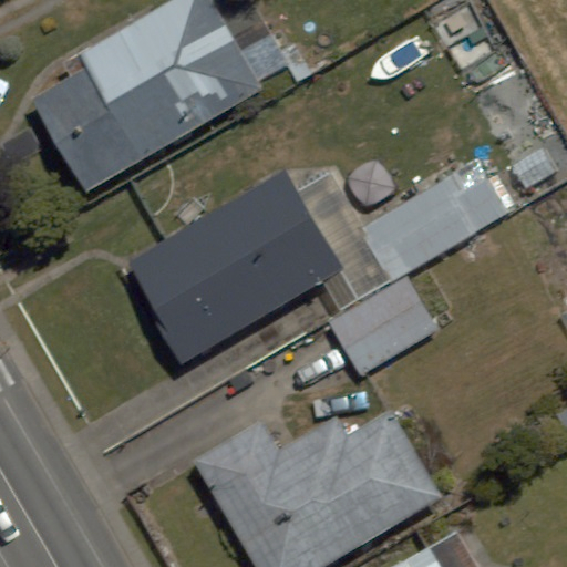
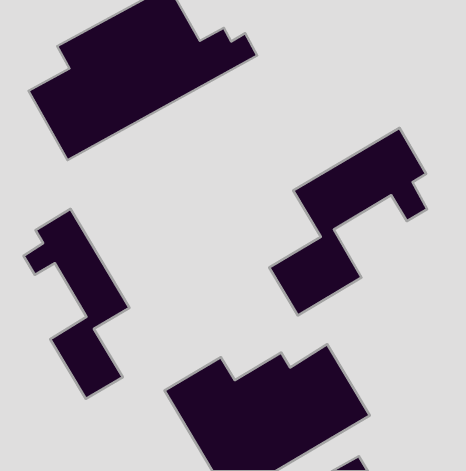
building: [125,168,347,369] -> none
building: none -> [23,209,130,399]

